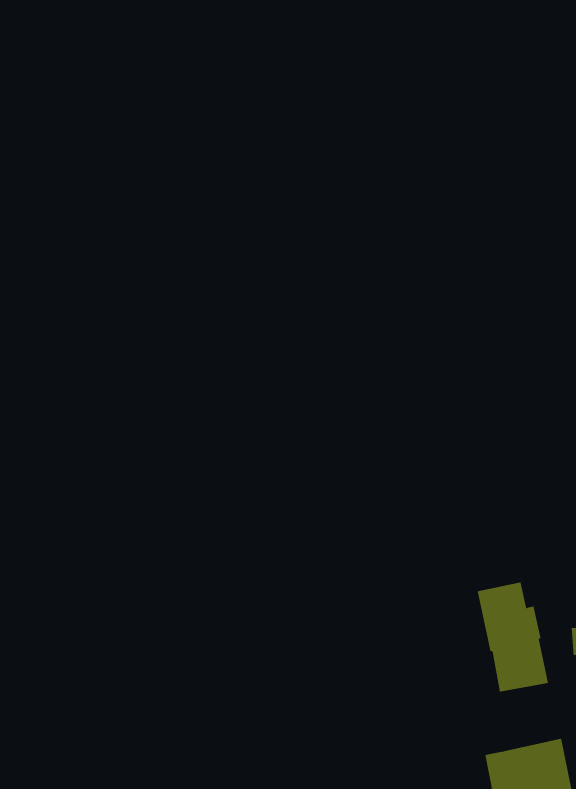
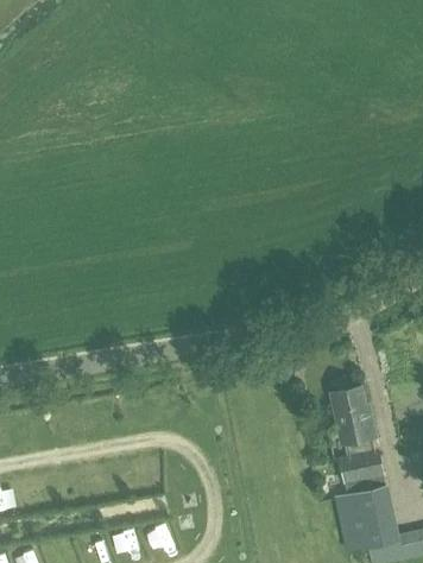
building: none -> [339,447,385,491]

